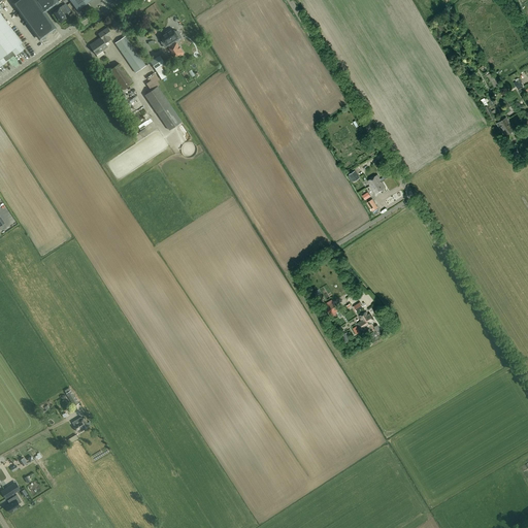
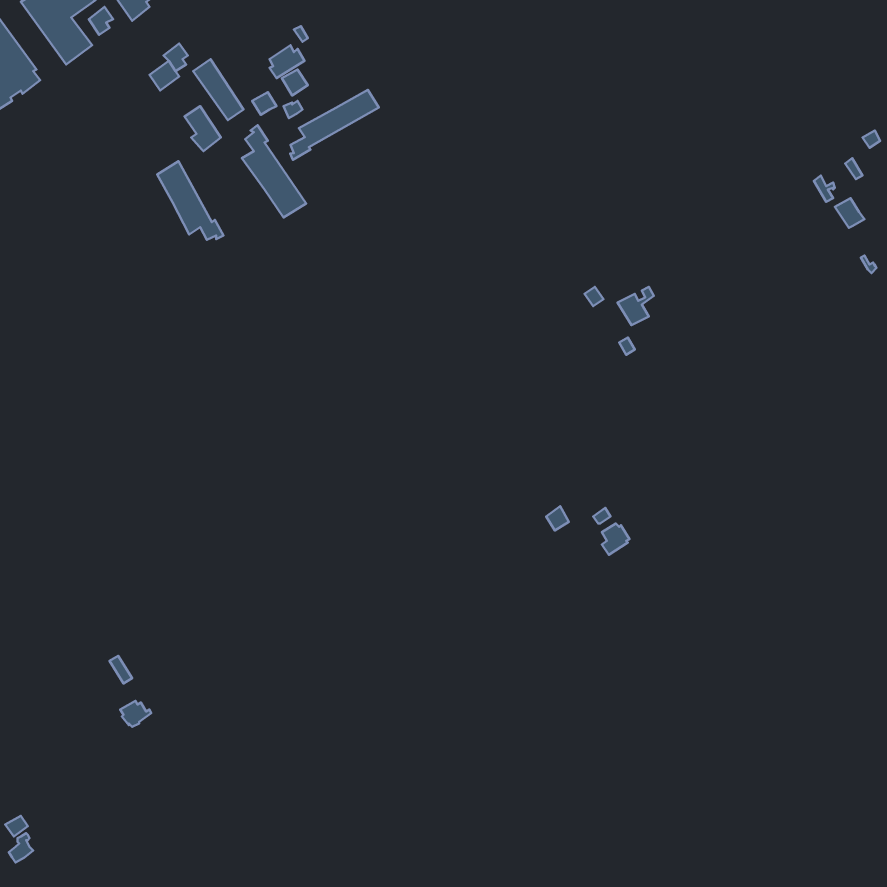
building: none -> [290,90,379,160]
building: none -> [157,161,224,240]

